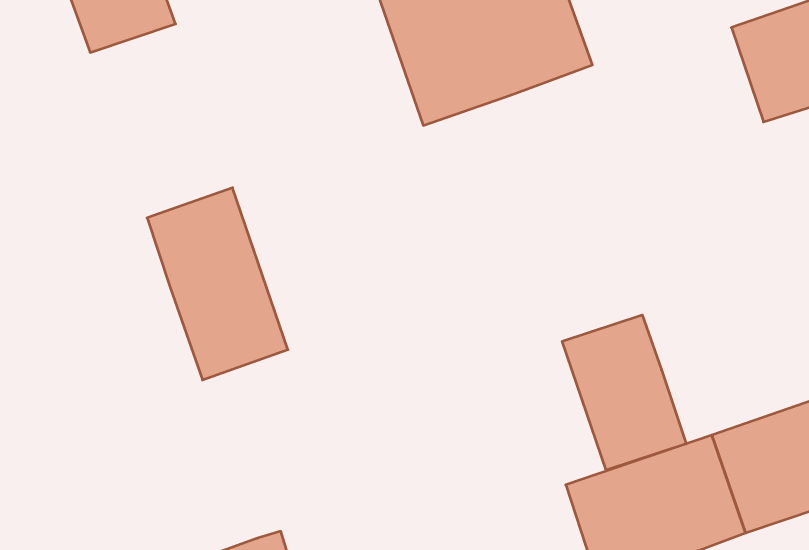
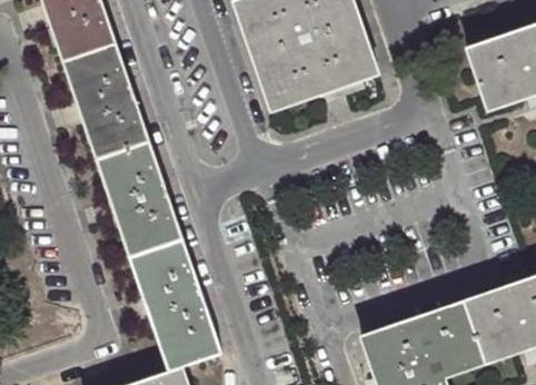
building: none -> [63,48,152,169]
building: [562,315,686,470] -> none
building: none -> [133,251,222,369]

